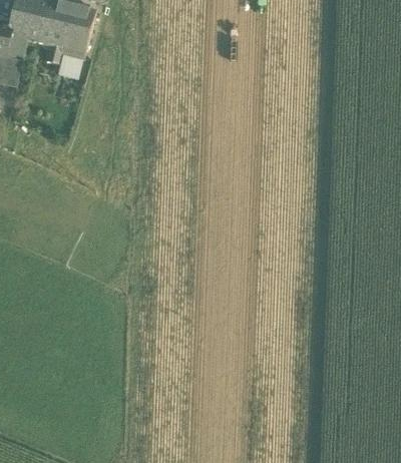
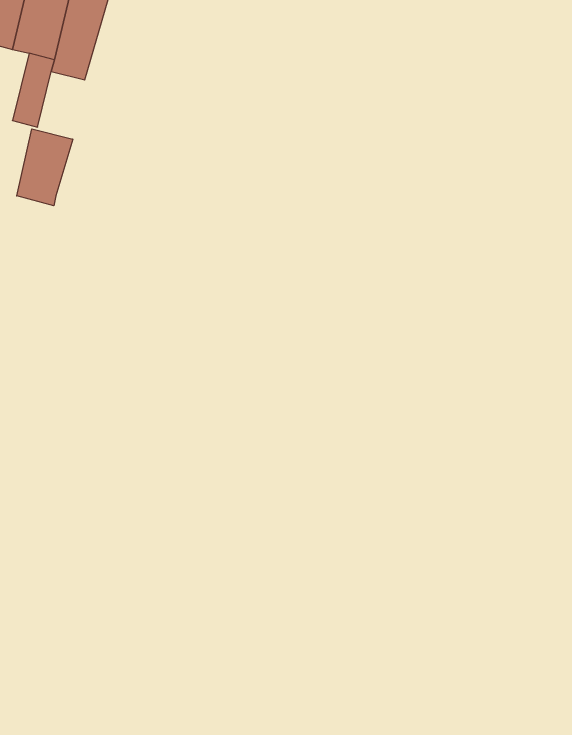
building: none -> [17,129,73,206]

